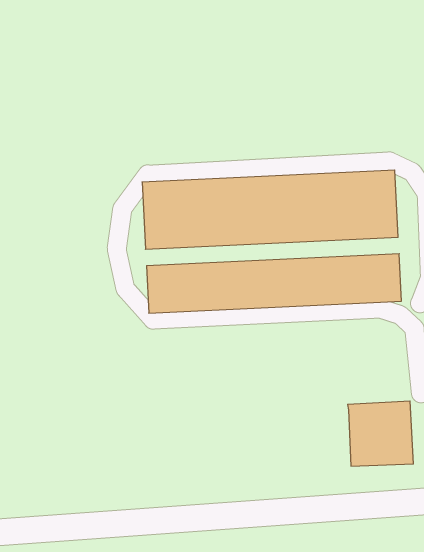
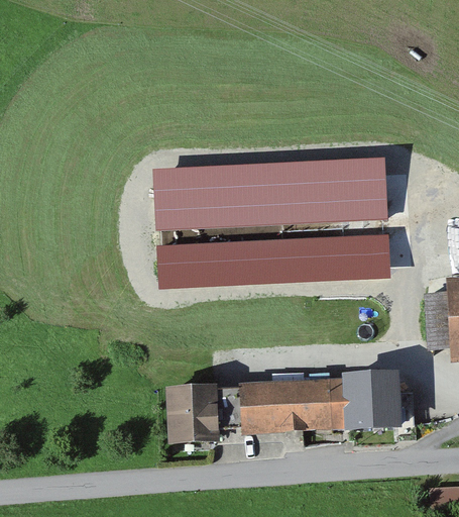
building: none -> [239,377,345,433]
building: none -> [166,384,220,443]

